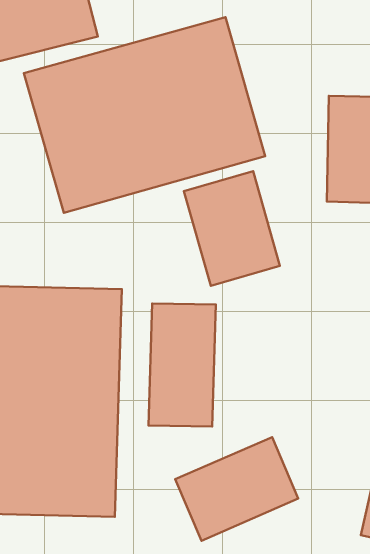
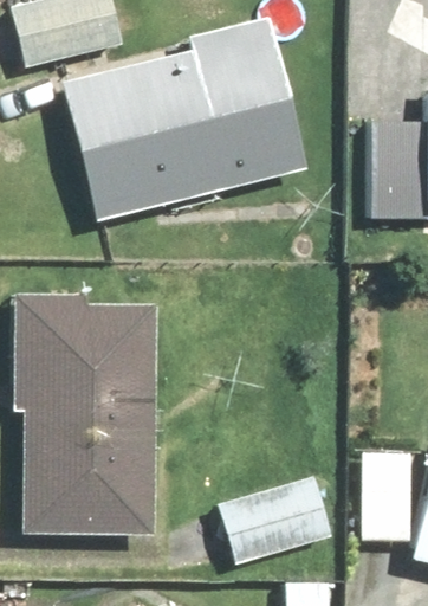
building: [184,171,280,286] -> none
building: [149,303,216,427] -> none

